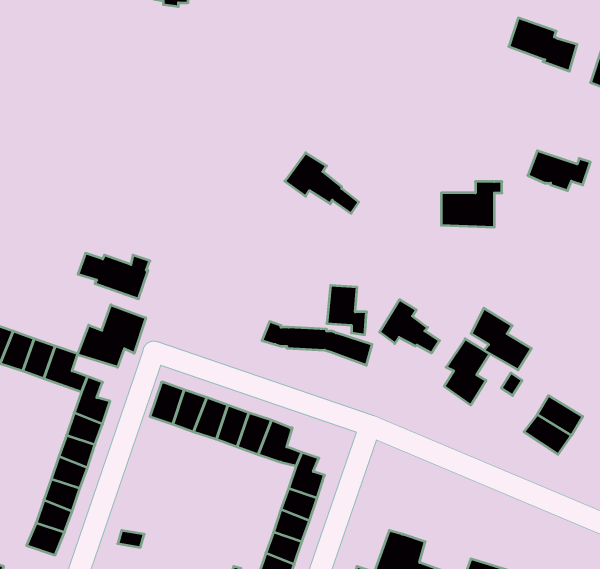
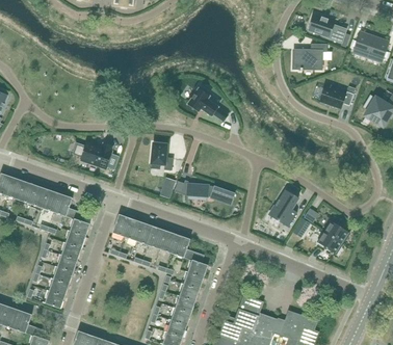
building: [441,182,502,227] -> [293,44,326,69]
building: [327,285,367,335] -> [151,142,173,169]
building: [380,300,440,353] -> none
building: [78,305,146,367] -> none
building: [471,308,531,370] -> none

